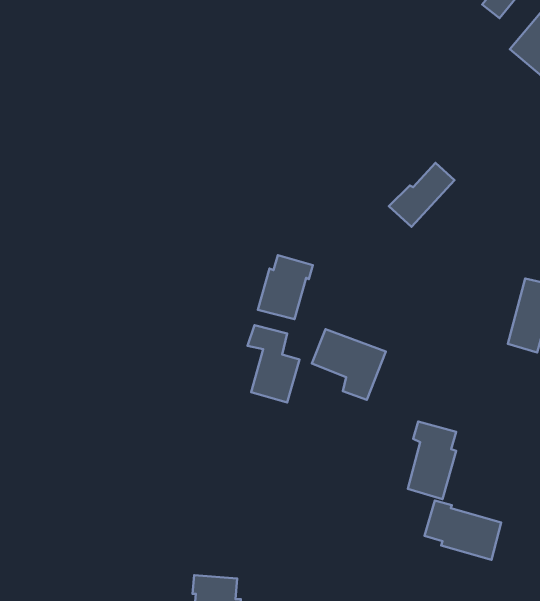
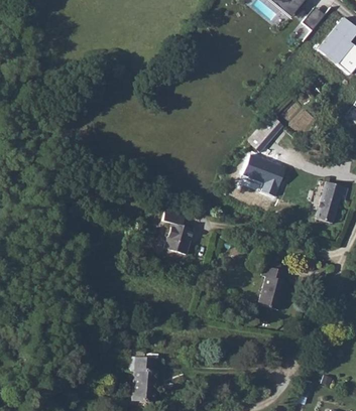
building: [258,255,313,319] -> none
building: [312,329,386,400] -> [242,153,285,194]
building: [424,500,501,560] -> none

